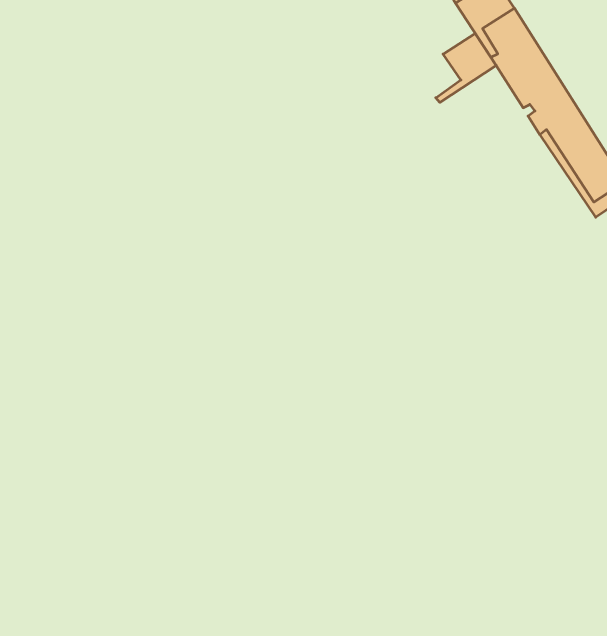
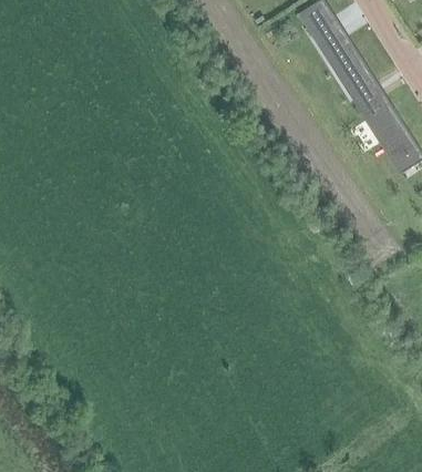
building: [436,33,496,102] -> none

